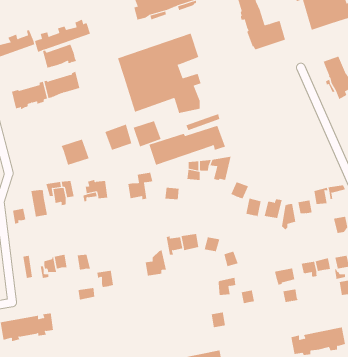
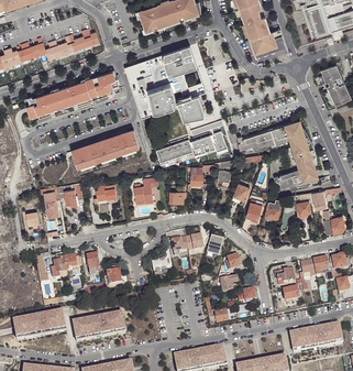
building: [42,44,77,68] -> [86,72,119,95]
building: none -> [238,121,319,187]
building: [133,121,162,147] -> [92,137,120,162]
building: none -> [73,310,125,338]

